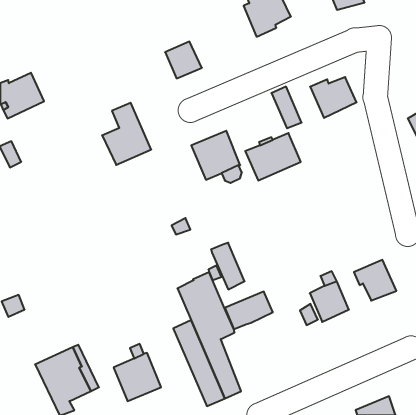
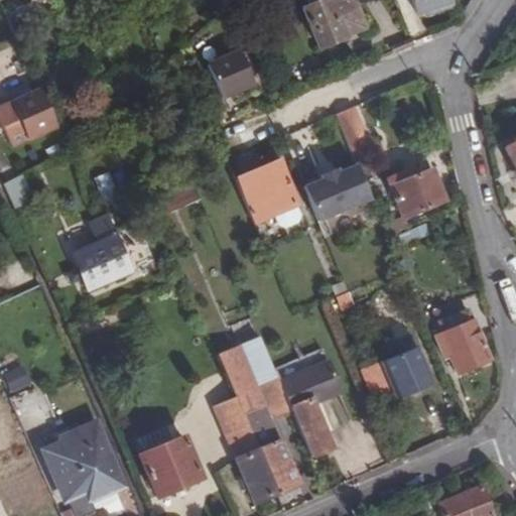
building: [310,77,357,118] -> [388,169,445,220]
building: [102,103,151,165] -> [73,215,133,291]
building: [211,243,245,289] -> [290,398,332,456]

